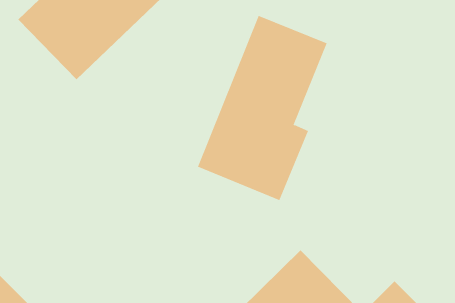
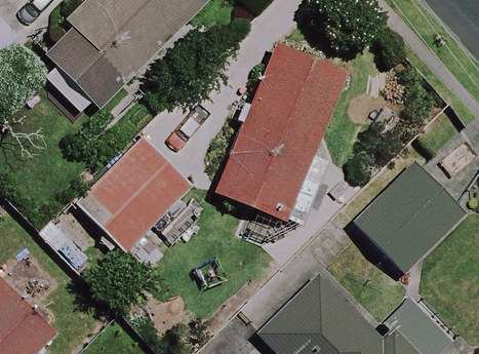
building: none -> [78,142,189,252]
building: none -> [353,163,465,275]

